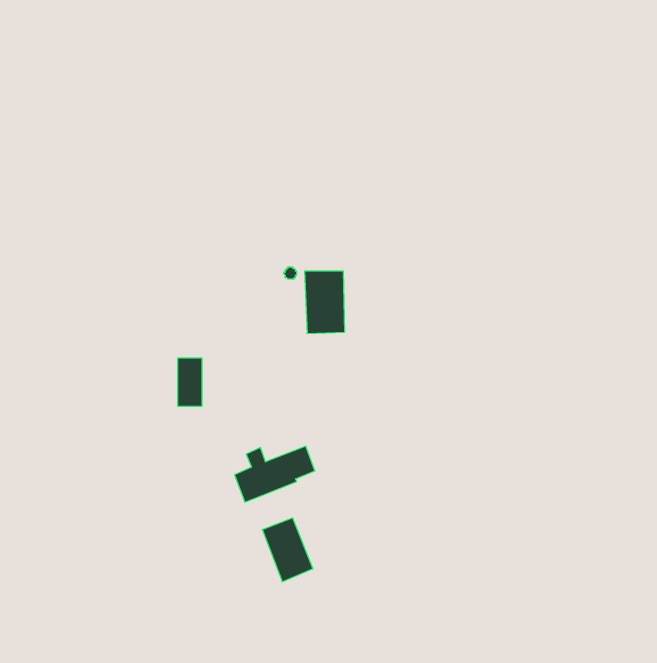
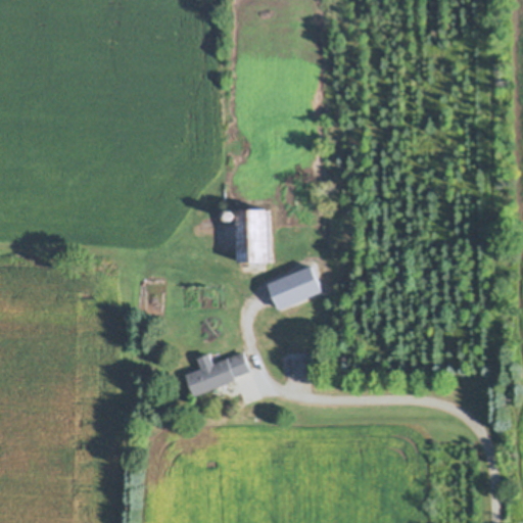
building: none -> [267,270,319,311]
building: [263,518,313,582] -> none

